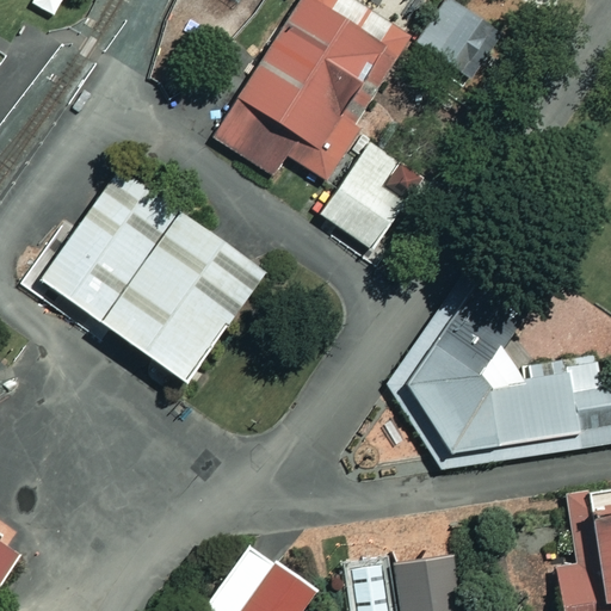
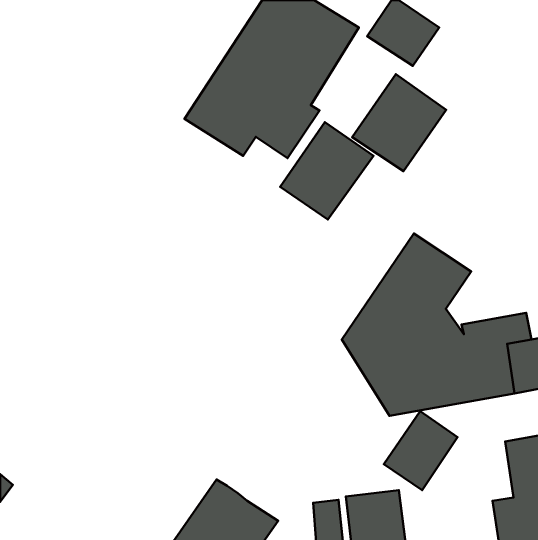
building: none -> [352,74,446,171]
building: [39,169,265,384] -> none
building: none -> [384,411,457,490]

